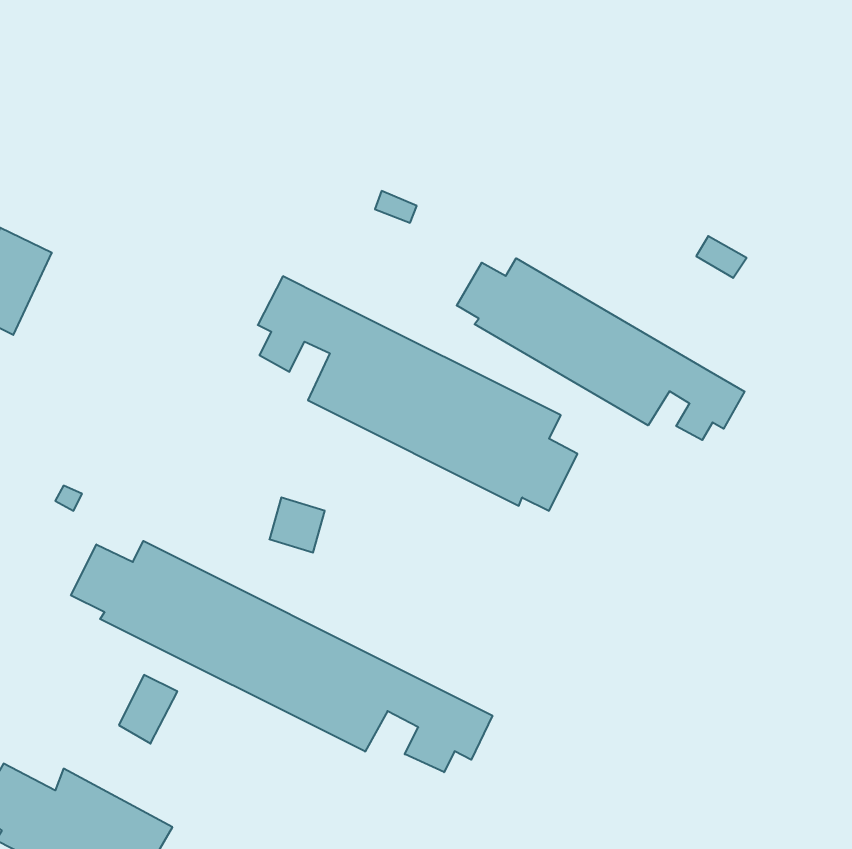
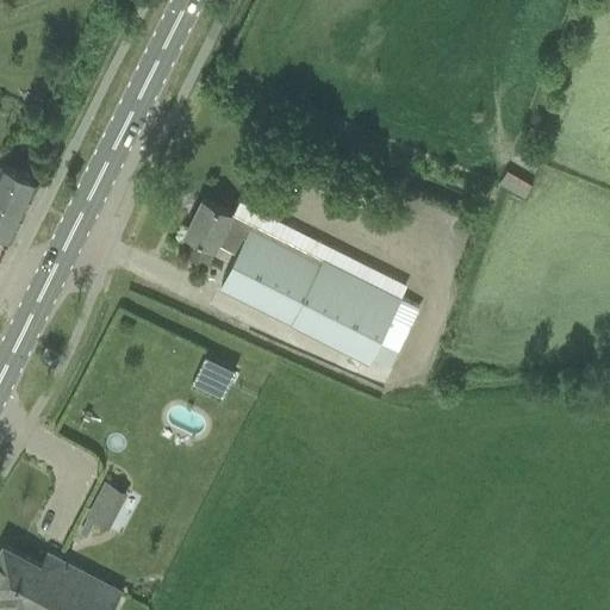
building: [457,258,745,440] -> none
building: [71,541,492,772] -> none

